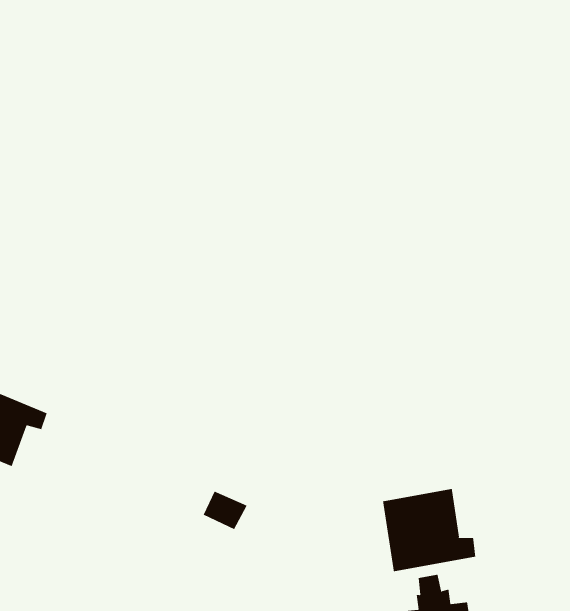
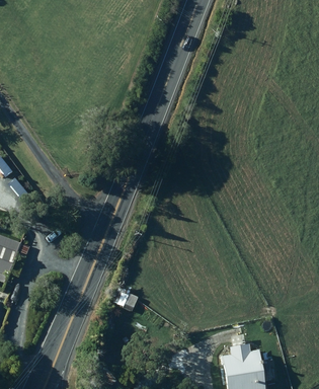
building: [383,488,476,572] -> none

